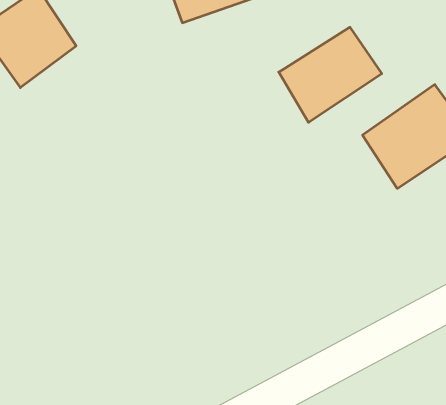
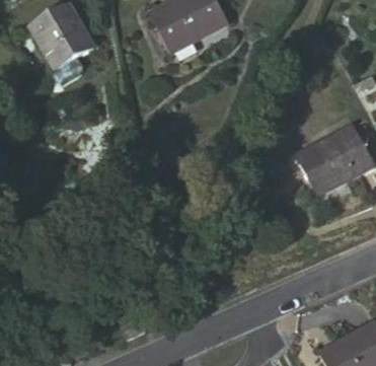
building: [279,27,382,122] -> none

